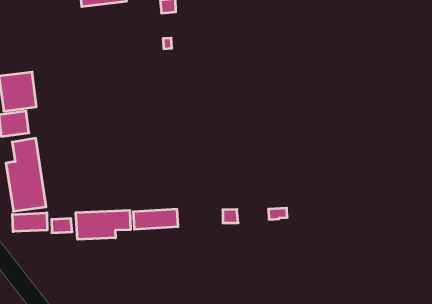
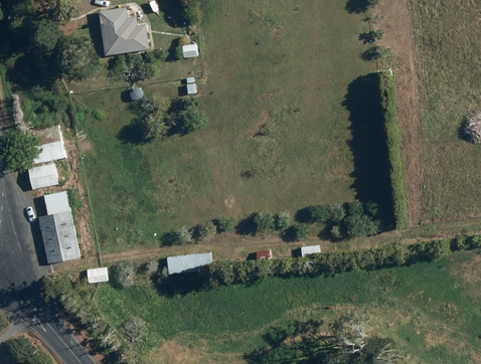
building: [76,210,130,239] -> none
building: [12,213,47,232] -> none

